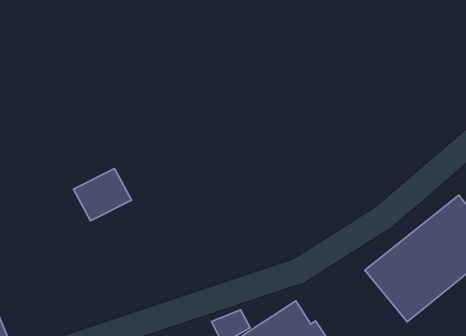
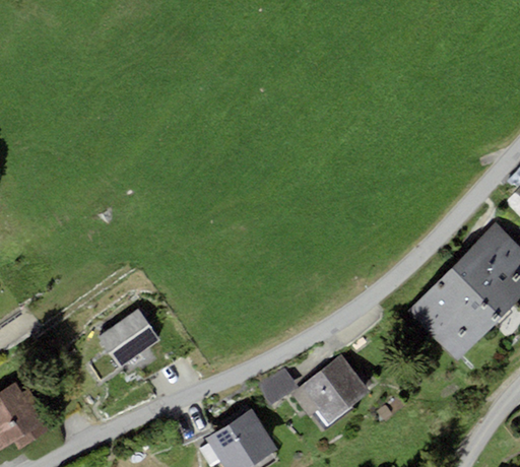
building: [73,168,132,221] -> [99,311,159,368]

